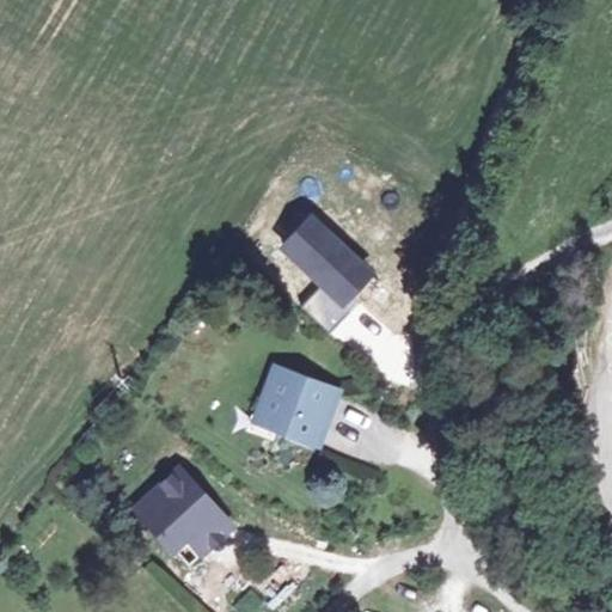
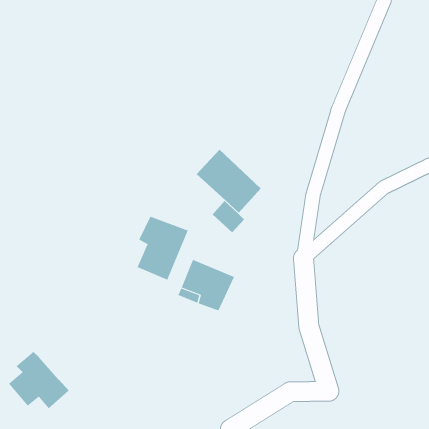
building: none -> [137,216,189,281]
building: [142,477,230,559] -> [8,351,70,409]

